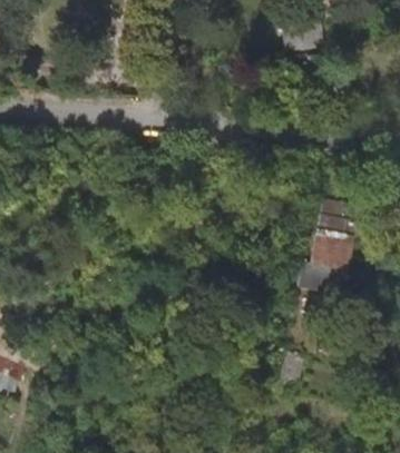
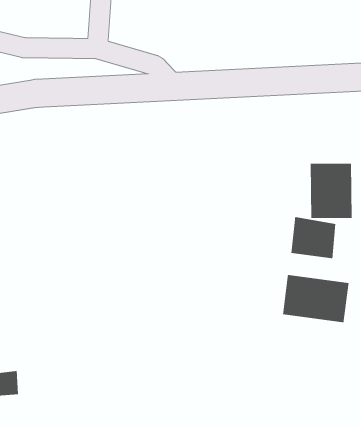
building: none -> [282,274,349,323]

